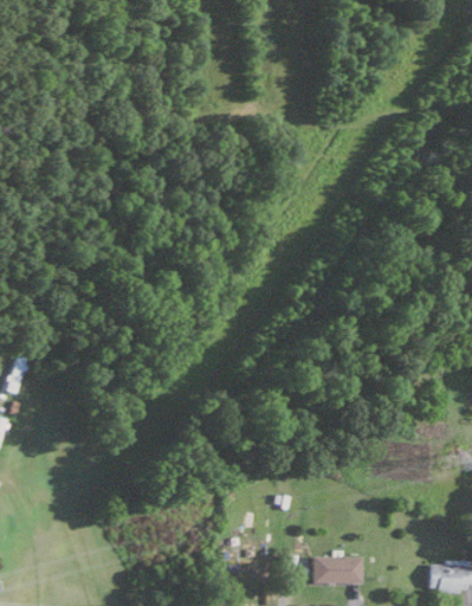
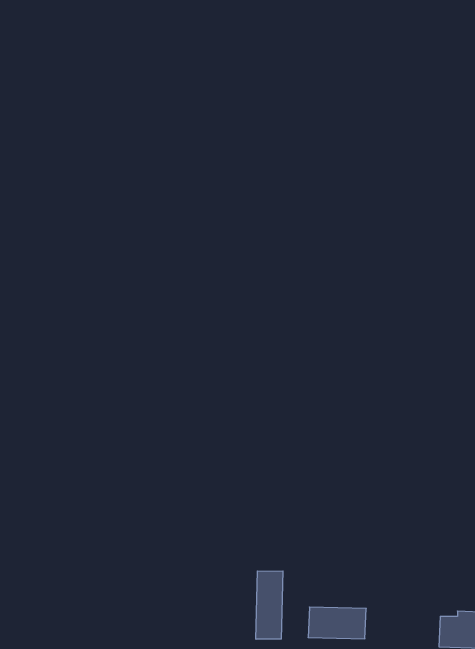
building: none -> [256,571,283,639]

